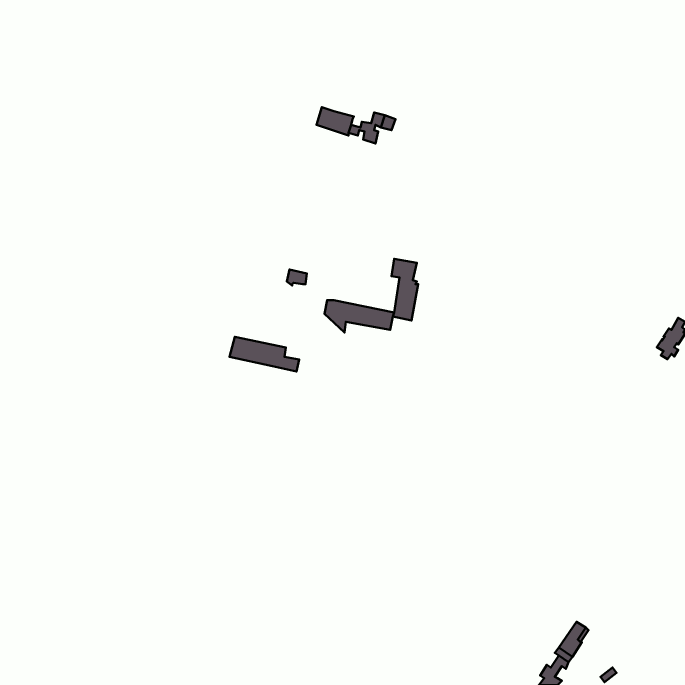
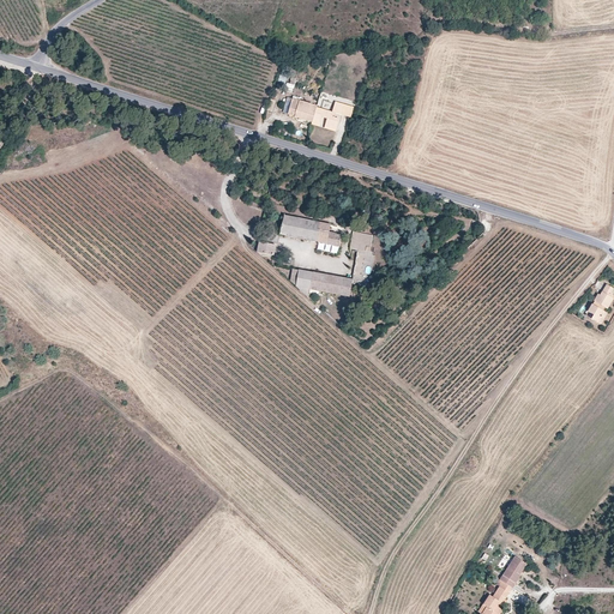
building: [230,337,299,372] -> [279,215,342,246]

